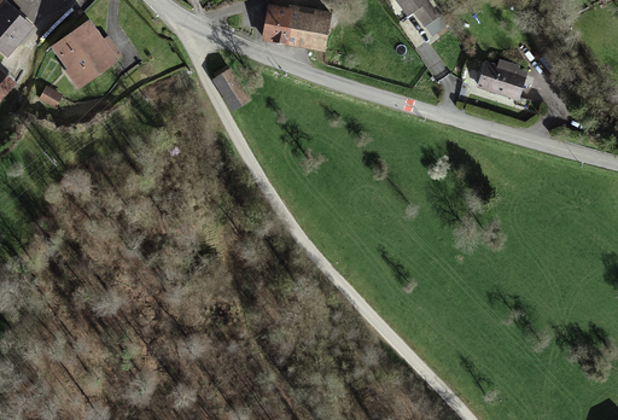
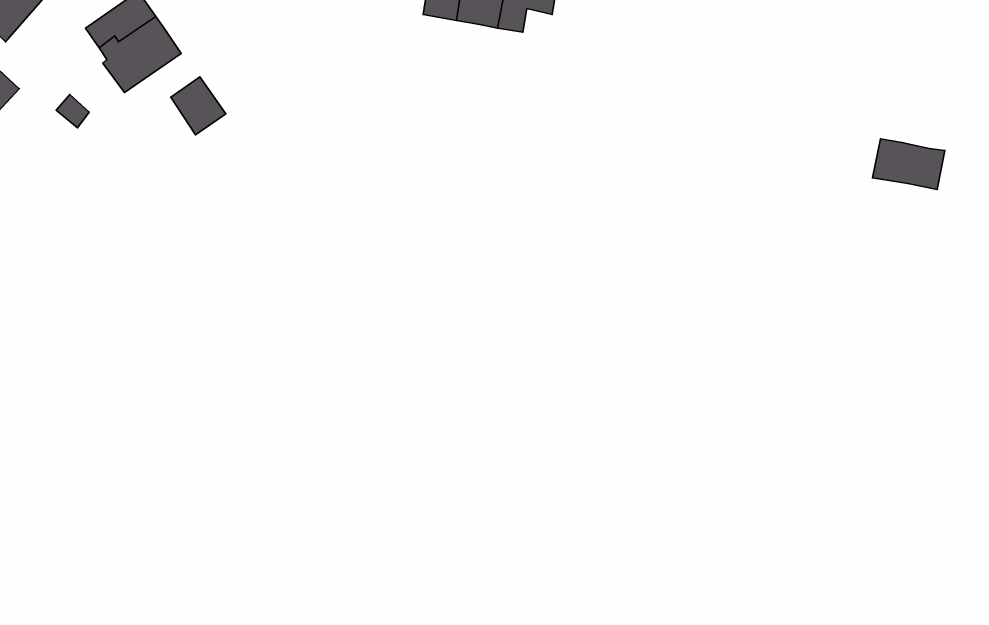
building: [483,58,527,89] -> [873,139,945,189]
building: [214,69,247,109] -> none
building: none -> [171,77,226,135]

